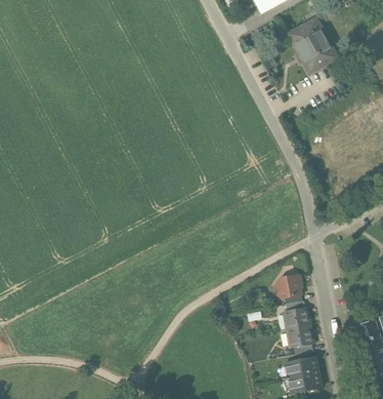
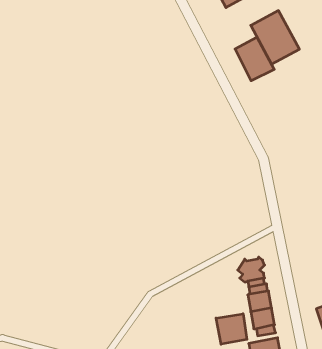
building: none -> [235,37,274,81]
building: none -> [216,314,247,344]

